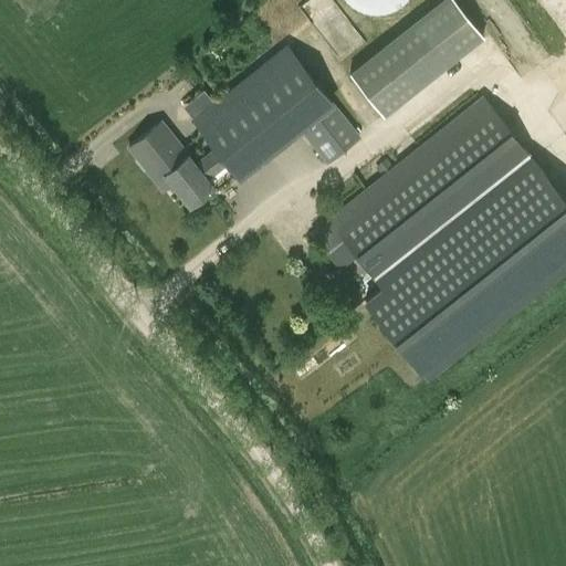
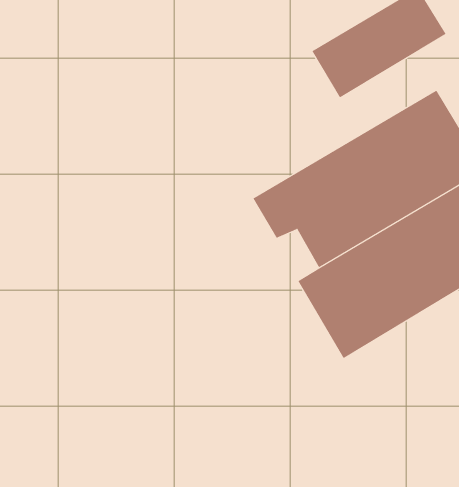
building: [128,46,360,208] -> none

